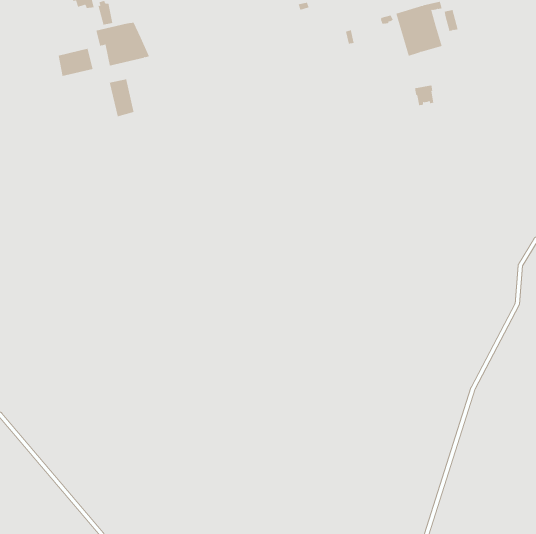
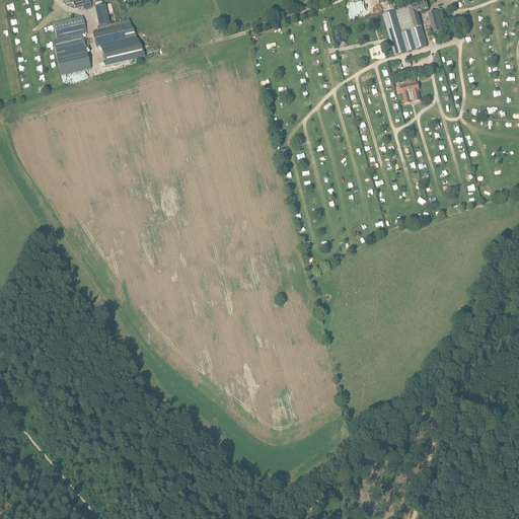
building: none -> [53,14,86,54]
building: [109,78,134,117] -> none

